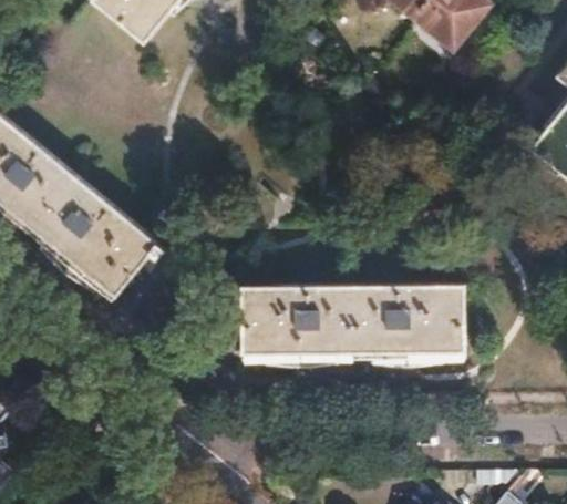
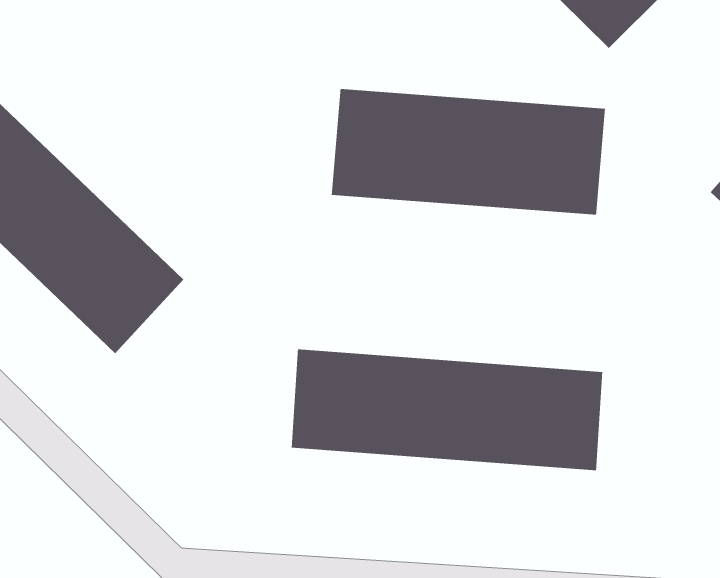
building: none -> [331,88,606,215]

